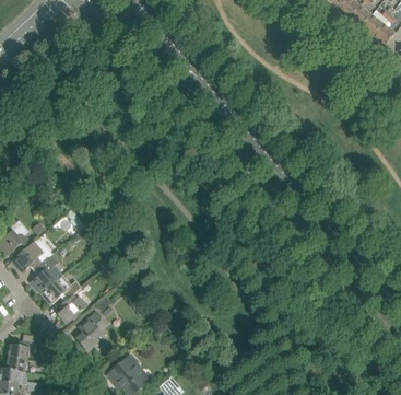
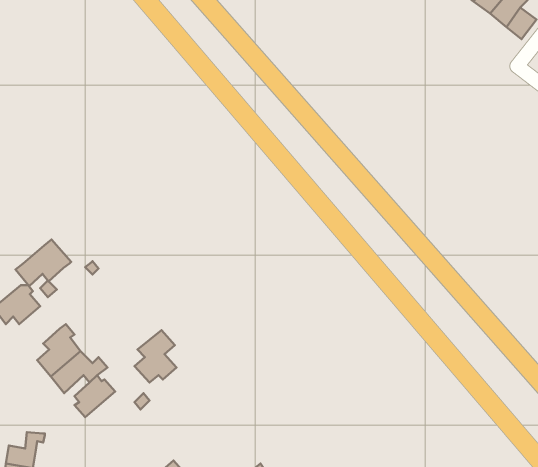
building: [12,236,52,270] -> [16,239,71,286]
building: [76,311,107,349] -> [134,330,176,383]

